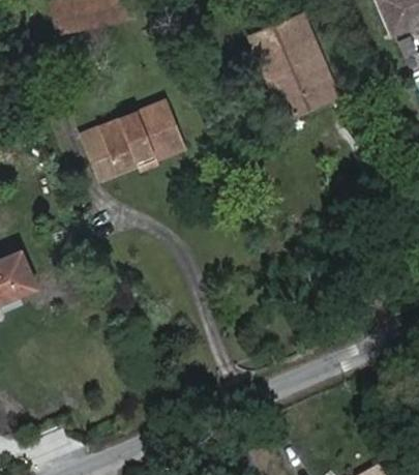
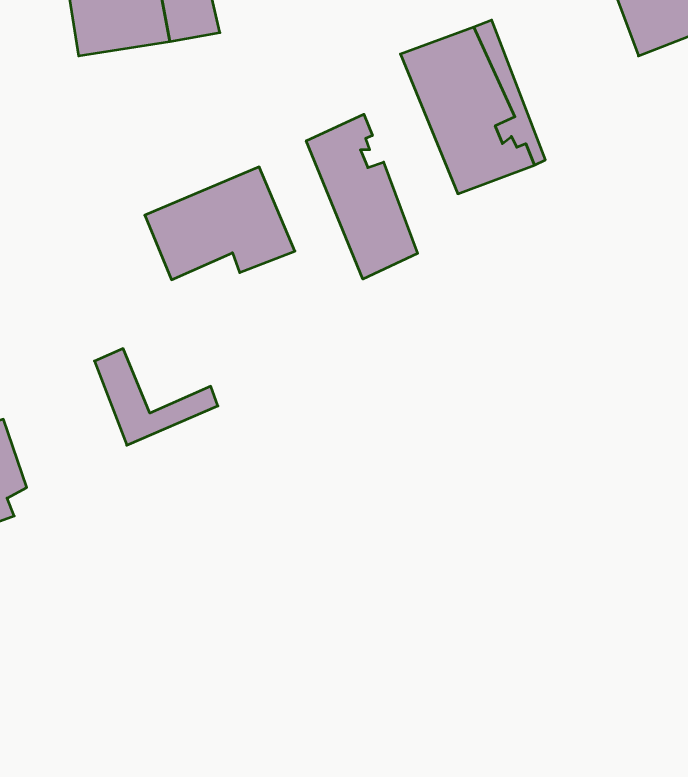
building: none -> [306,114,418,279]
building: [83,125,154,181] -> [94,349,218,445]

